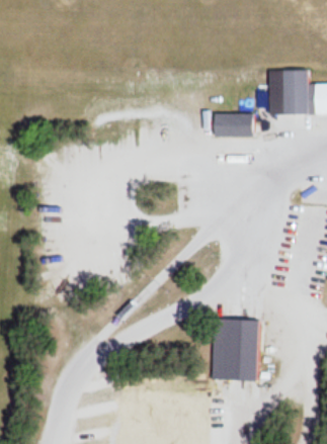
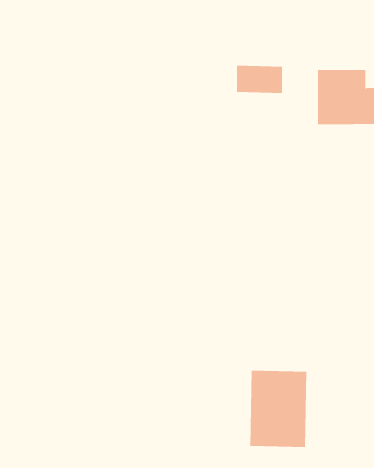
building: [216,112,254,136] -> [236,65,283,93]

